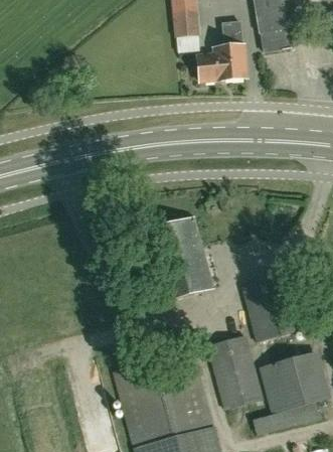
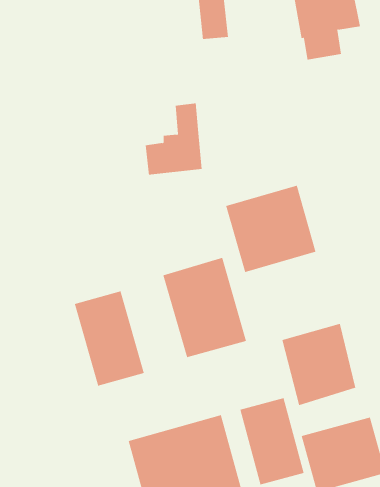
building: [196,21,244,82] -> [145,103,202,175]
building: none -> [226,185,316,273]
building: none -> [74,290,144,387]

